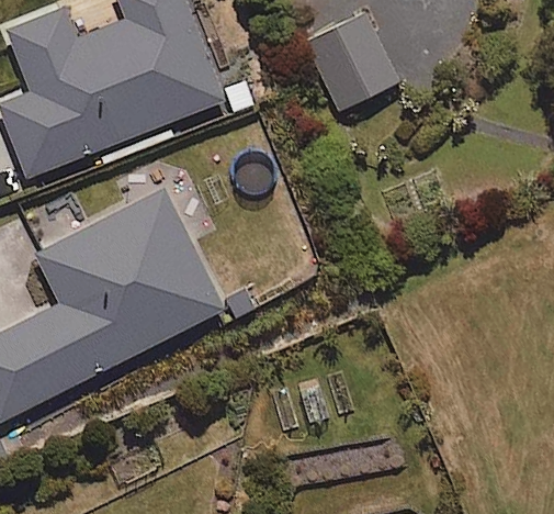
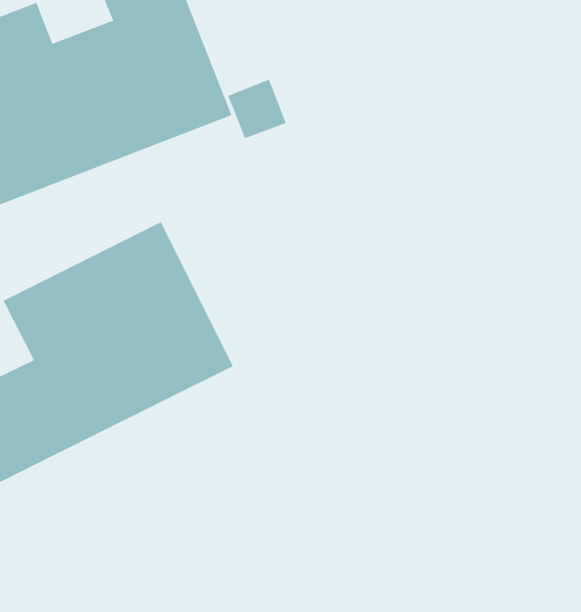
building: [301,13,393,112] -> none

